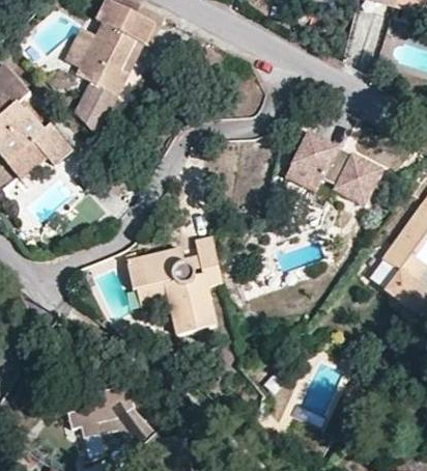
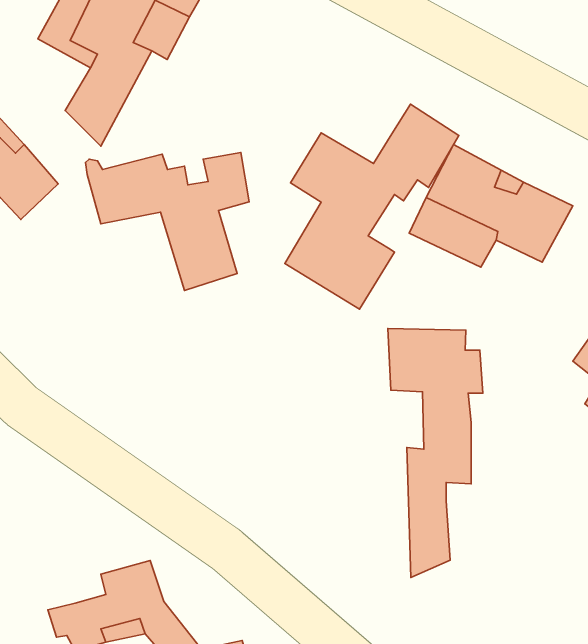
building: none -> [285,104,459,309]
building: none -> [388,329,483,577]
building: [120,248,220,332] -> [86,152,249,290]

